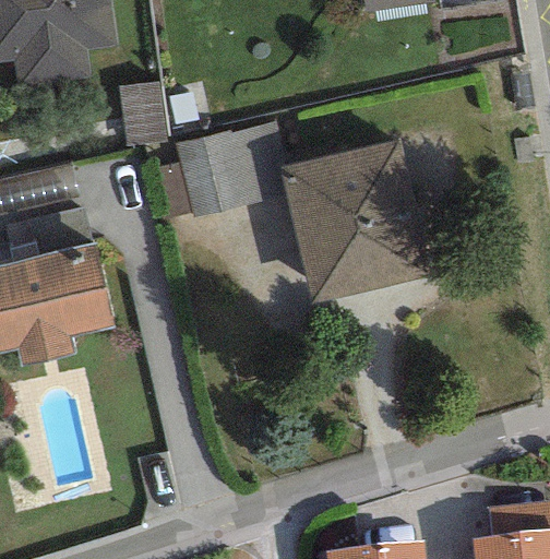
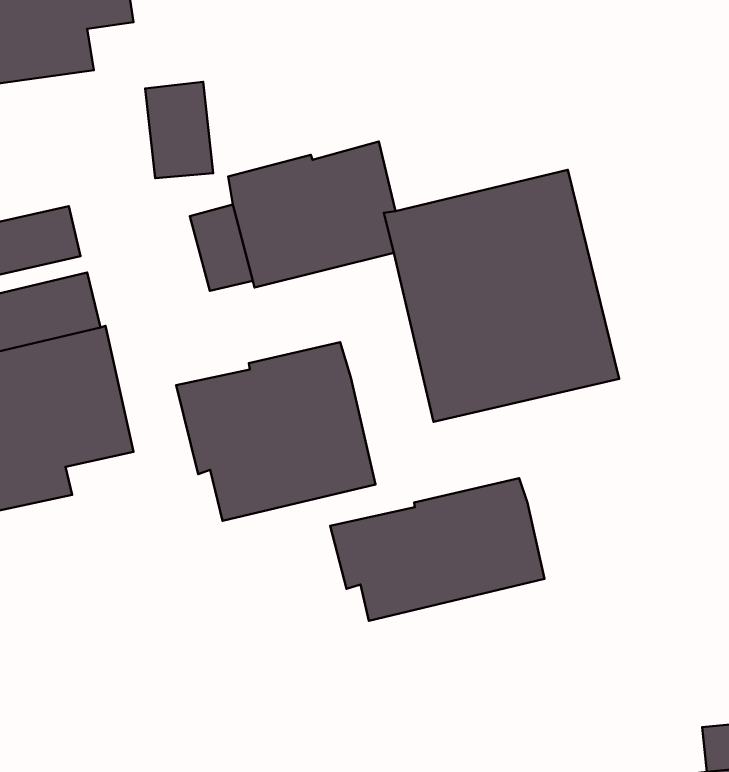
building: none -> [176,342,375,521]
building: none -> [330,478,545,621]

